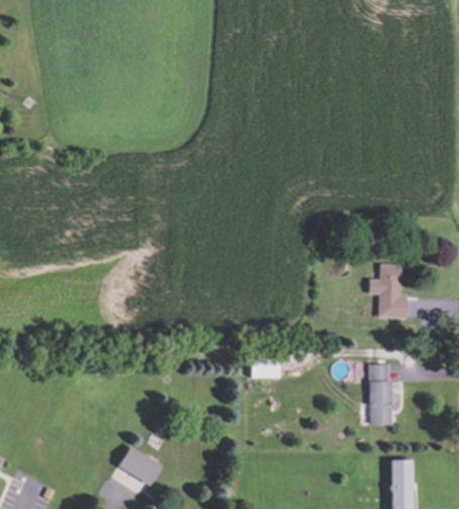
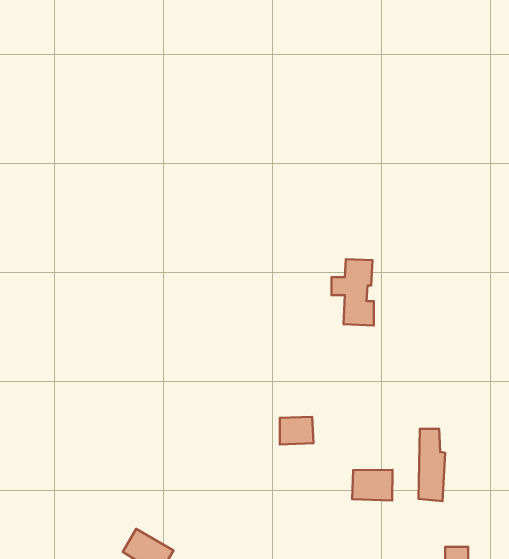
building: [370,264,406,320] -> [331,259,374,325]
building: none -> [352,470,393,500]

